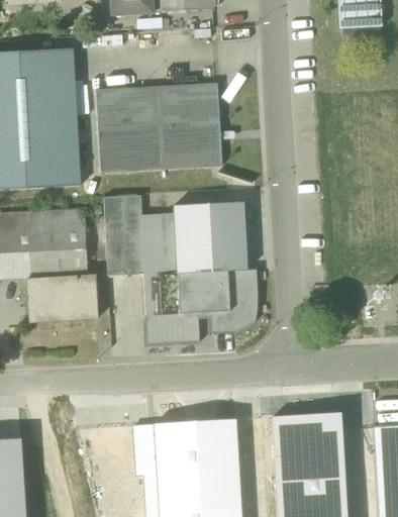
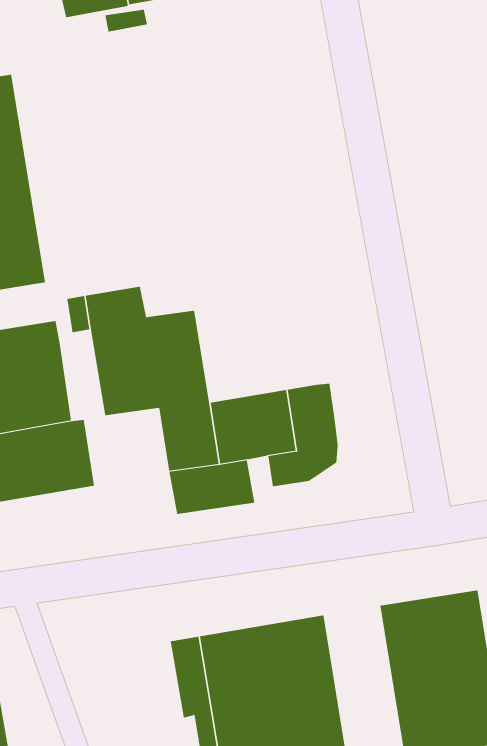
building: [95,86,220,174] -> none
building: [174,201,246,274] -> none

